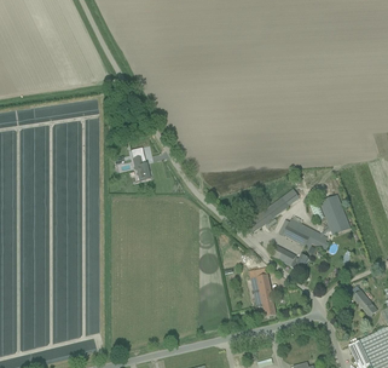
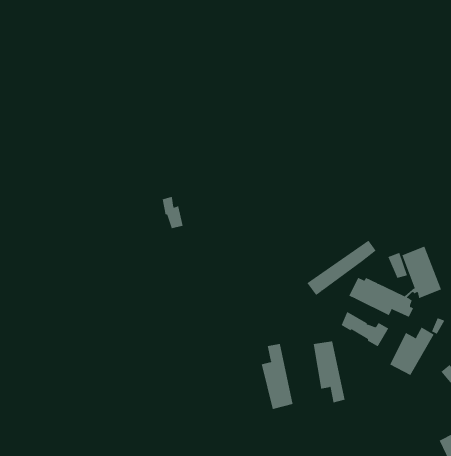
building: none -> [389,326,434,376]
building: none -> [261,343,293,410]

